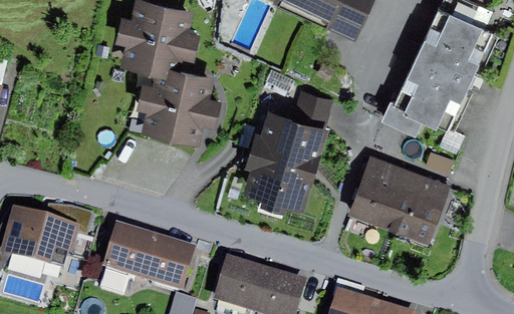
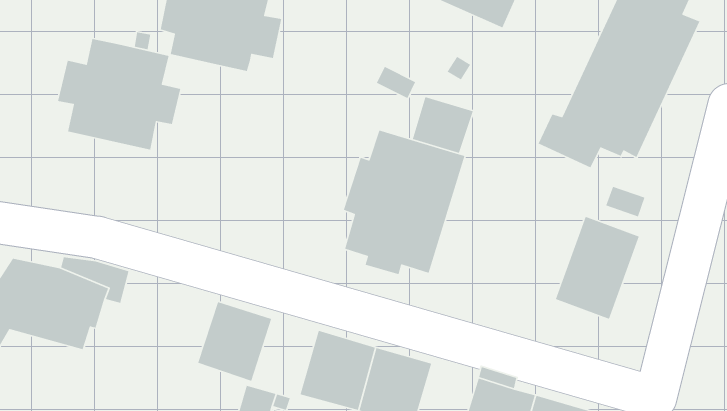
building: [134,69,220,147] -> [57,38,181,151]
building: [350,159,412,232] -> none
building: [99,222,156,292] -> none

